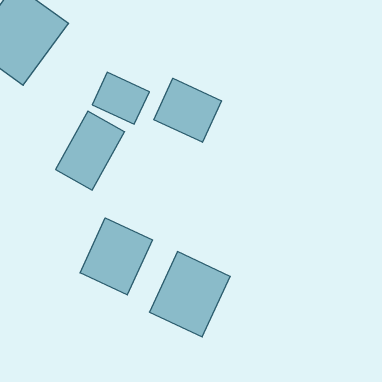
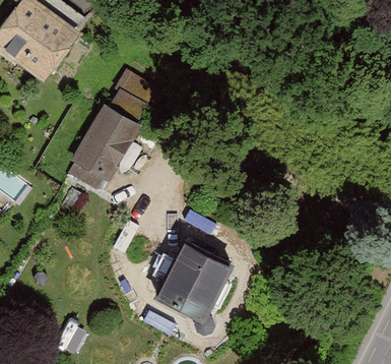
building: [154,78,221,142] -> none
building: [80,218,153,295] -> none

